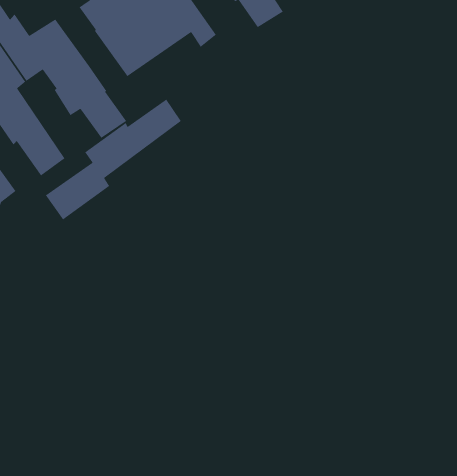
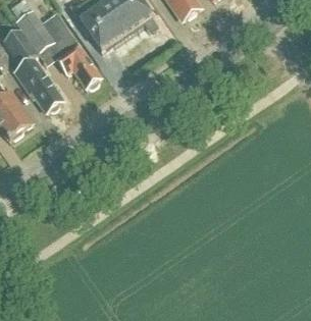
building: [45,98,182,220] -> none

